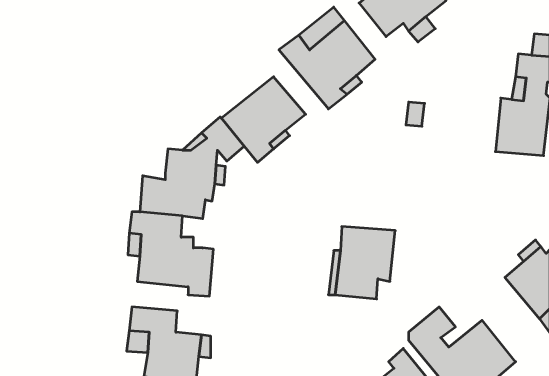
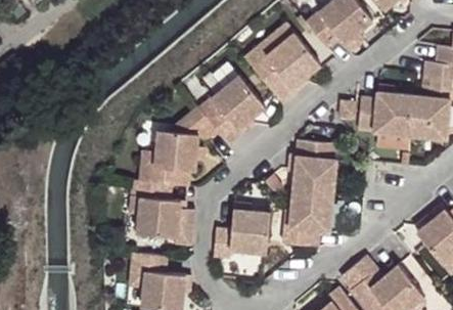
building: none -> [358,91,414,135]
building: none -> [292,139,336,195]
building: none -> [213,208,270,257]

